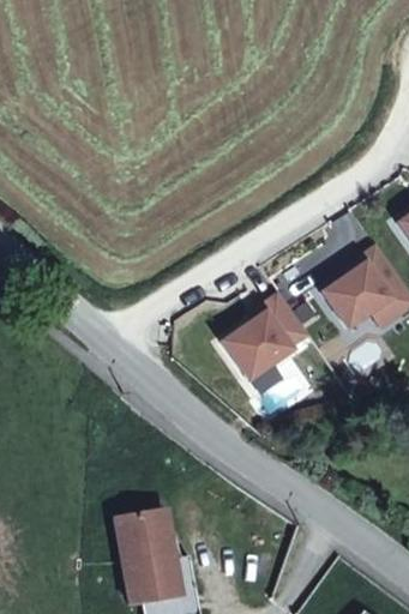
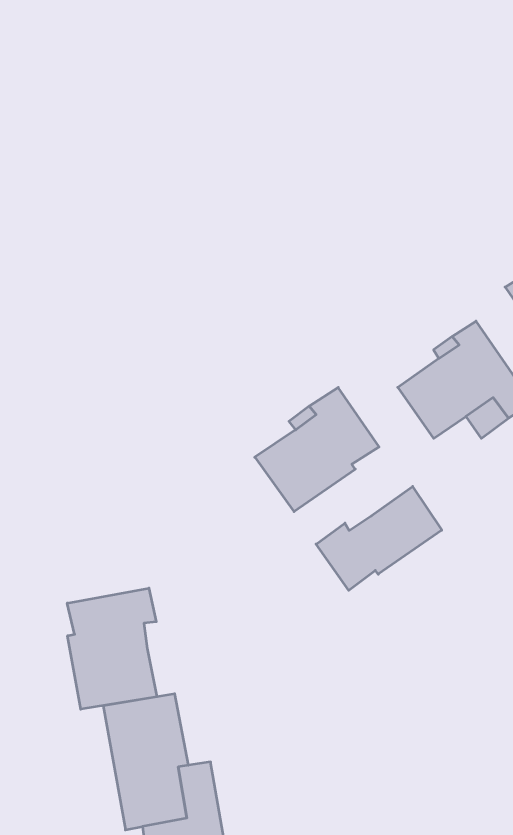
building: none -> [316,486,442,590]
building: none -> [67,588,157,709]

